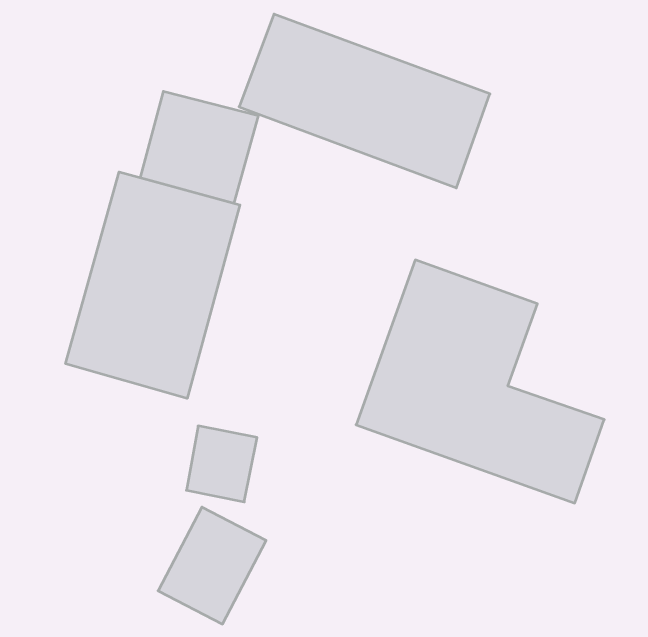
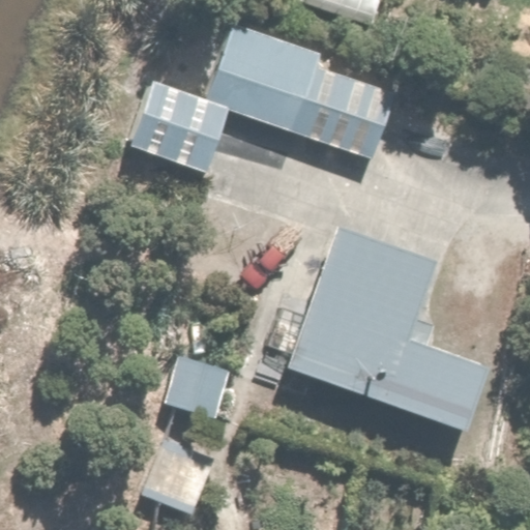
building: [66,172,240,398] -> none

